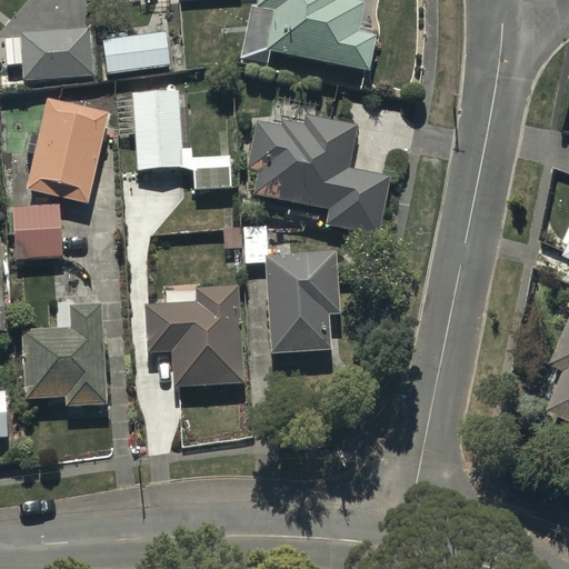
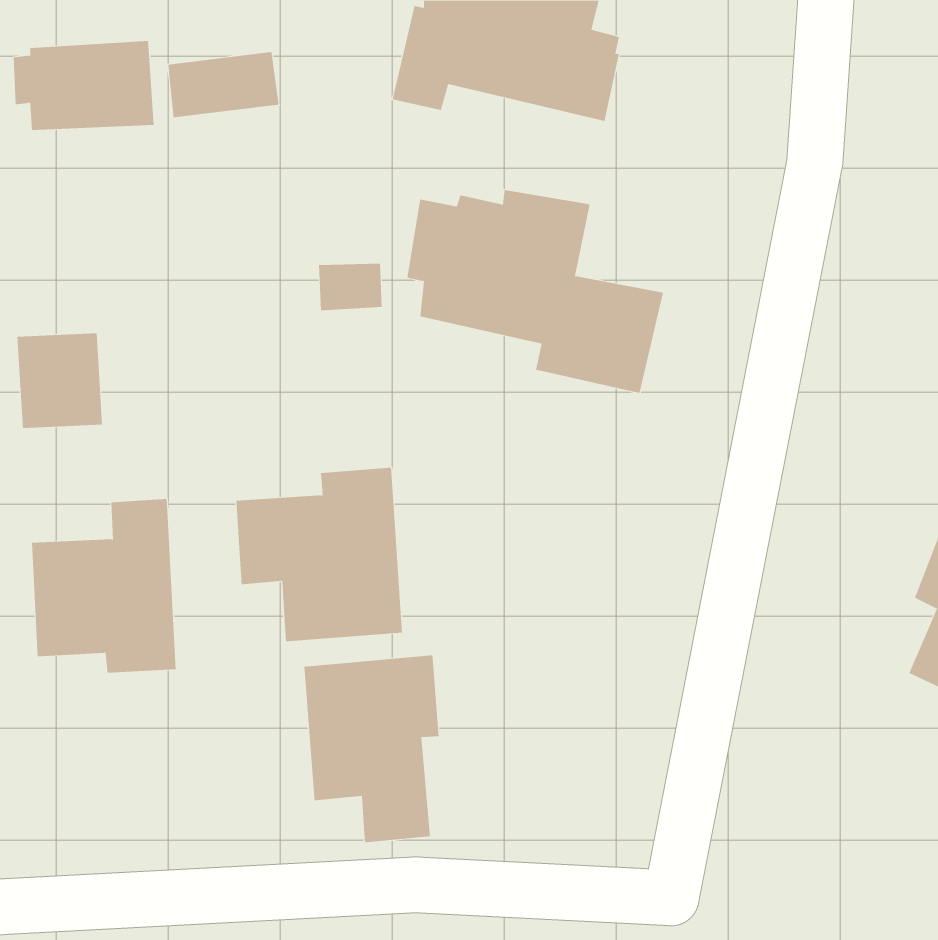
building: [116,88,183,169] -> none
building: [26,96,111,203] -> none
building: [241,226,341,352] -> none
building: none -> [304,654,439,843]

